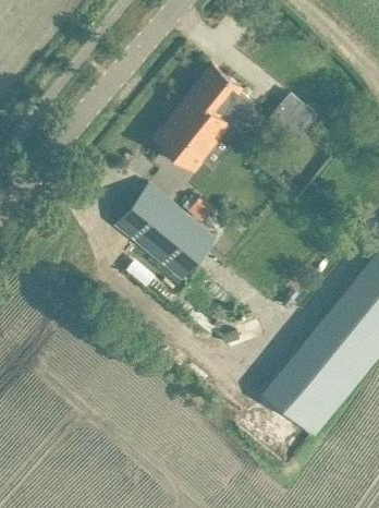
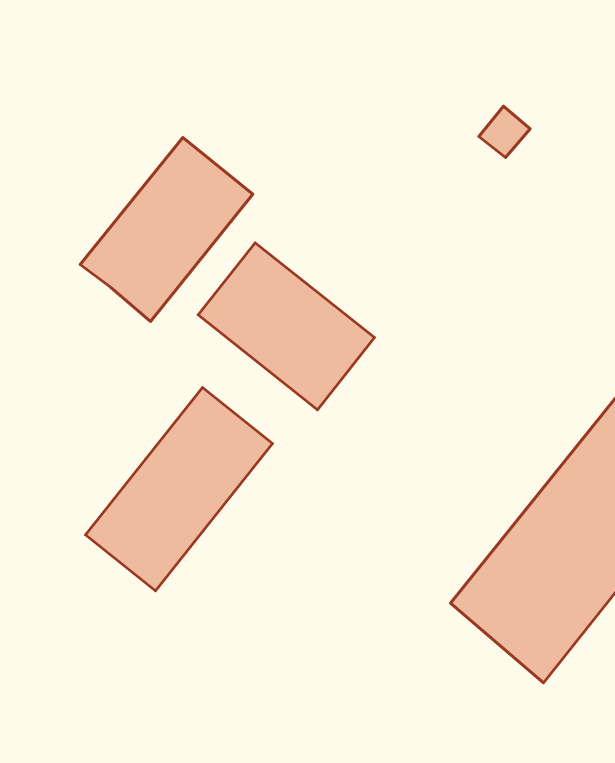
building: [154,66,253,172] -> [80,137,253,321]
building: none -> [85,387,273,591]

